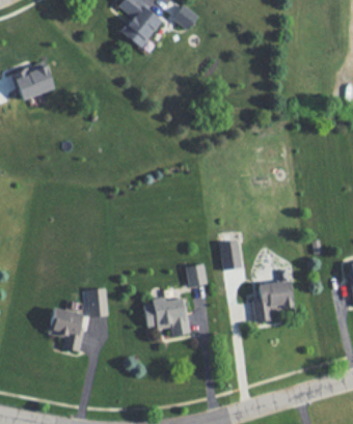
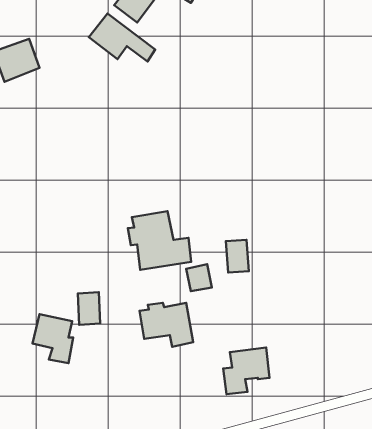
building: none -> [89,13,155,61]
building: none -> [128,211,191,270]
building: [251,280,293,321] -> [223,348,270,394]

